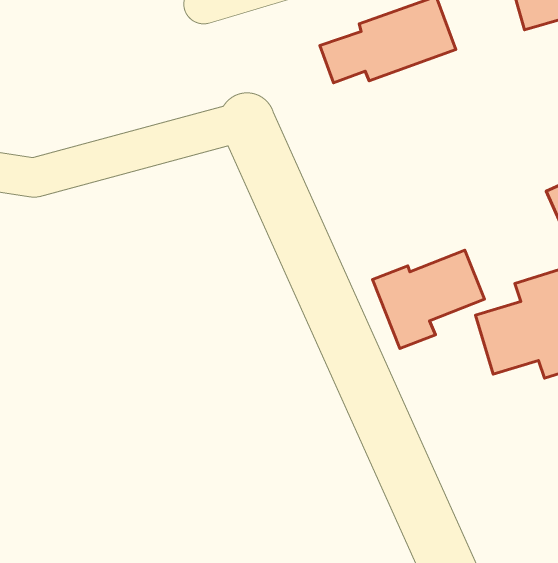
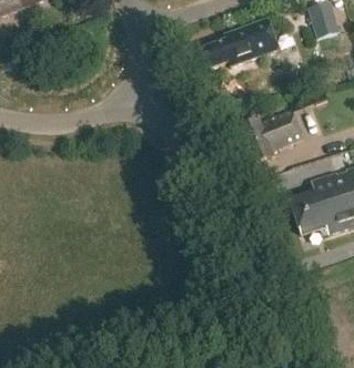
building: [372,250,485,349] -> [240,110,303,165]

